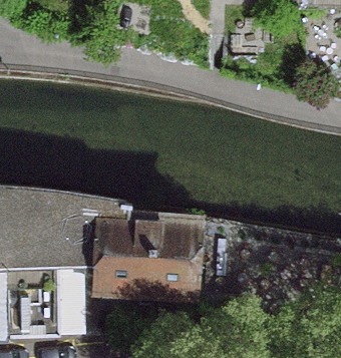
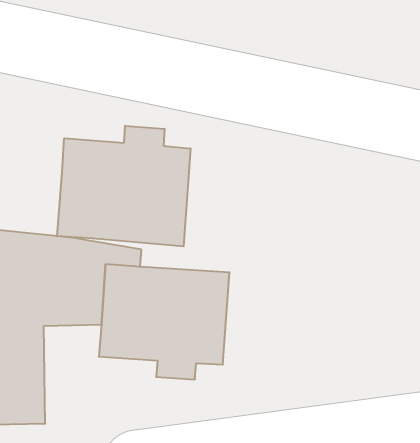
building: none -> [57,126,191,246]

